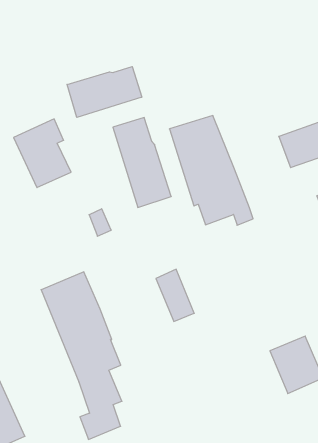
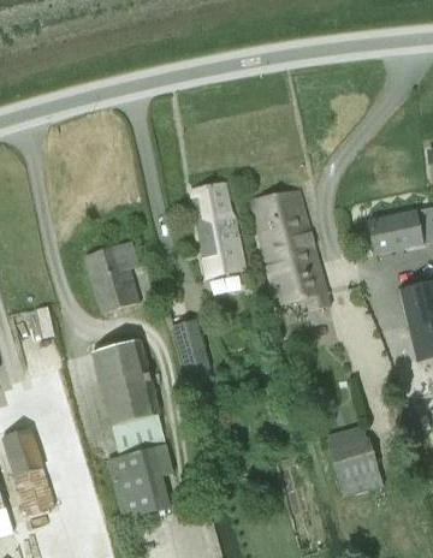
building: [67,67,142,117] -> none
building: [14,119,71,188] -> [84,242,141,313]
building: [156,269,194,321] -> [172,317,208,373]

